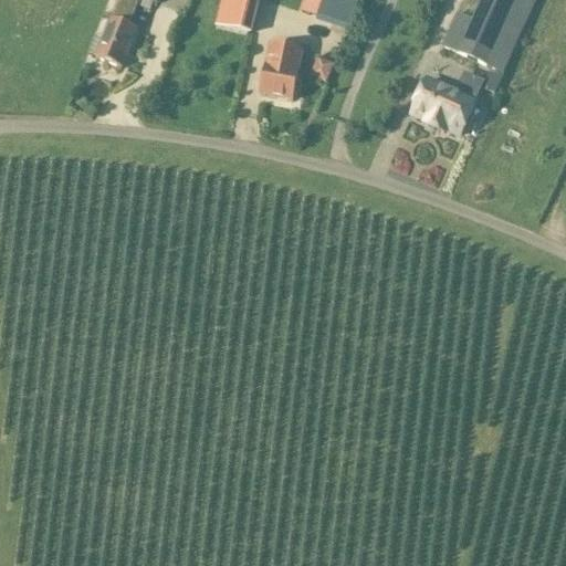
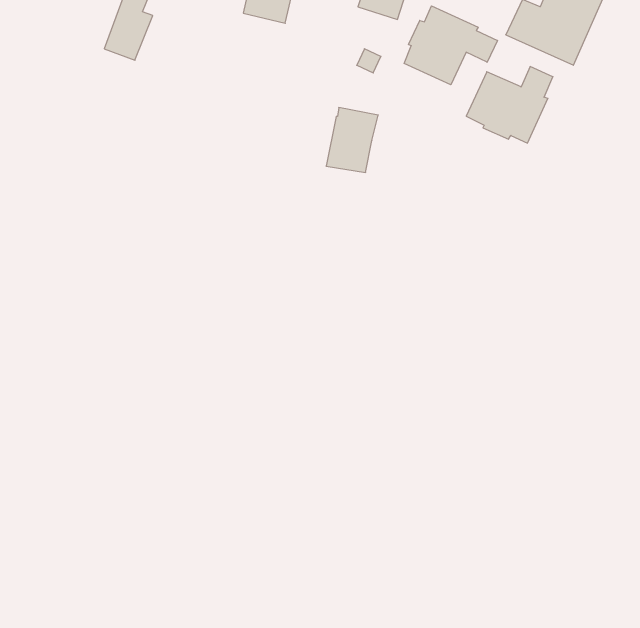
building: none -> [404,6,497,85]
building: [259,39,304,95] -> [326,108,378,172]

